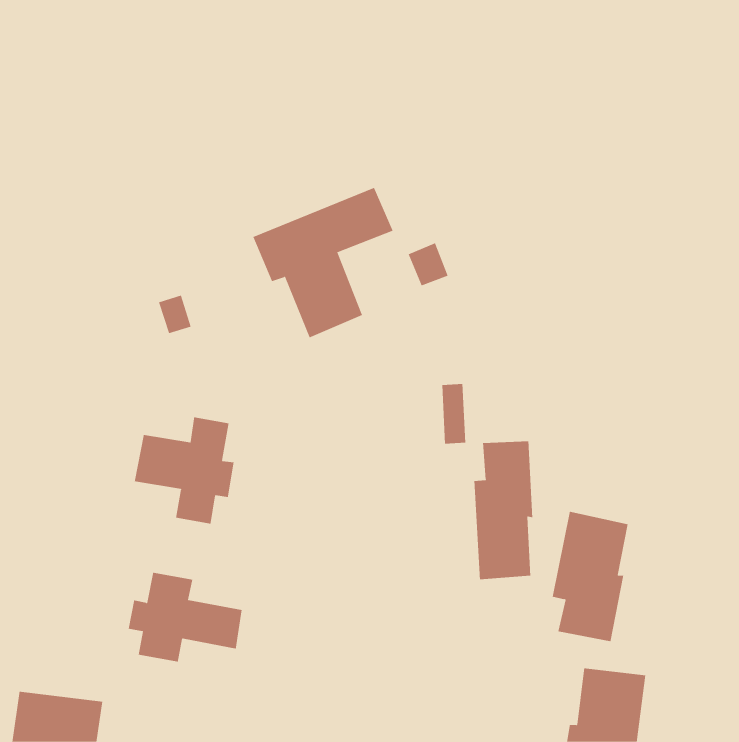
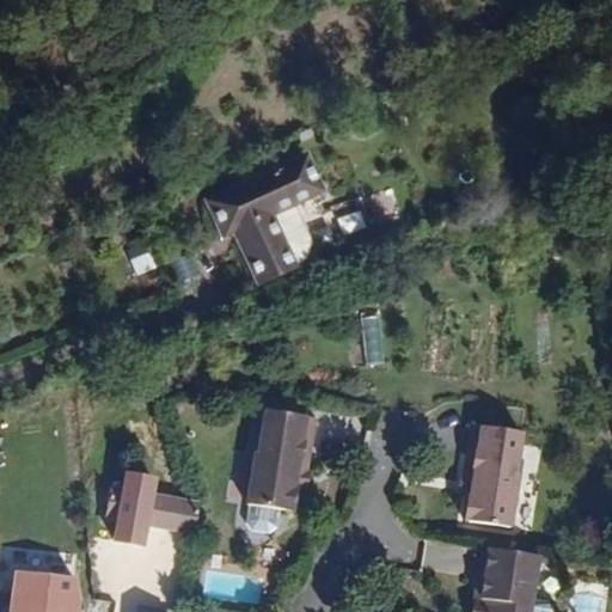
building: [134,417,234,525] -> none
building: [474,441,533,580] -> none
building: none -> [247,408,314,533]

